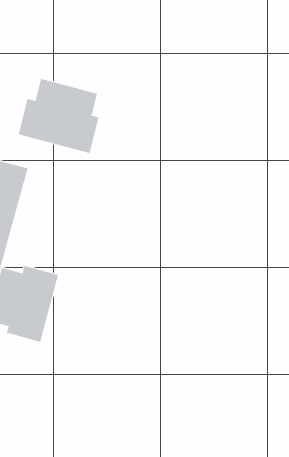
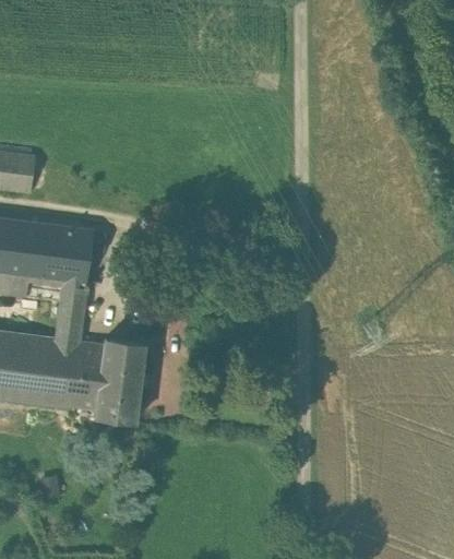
building: [18,78,99,154] -> none

